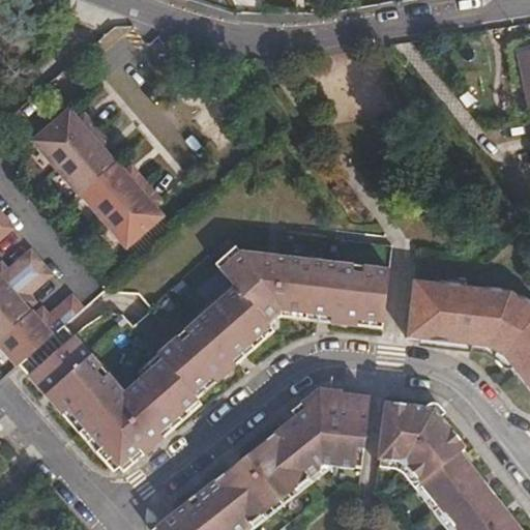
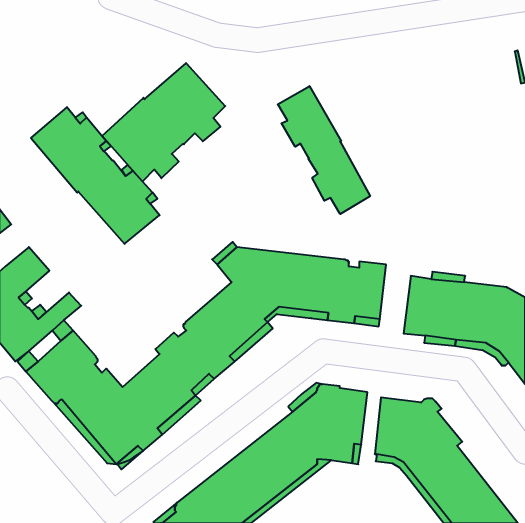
building: none -> [102,63,225,181]
building: none -> [278,86,370,214]

